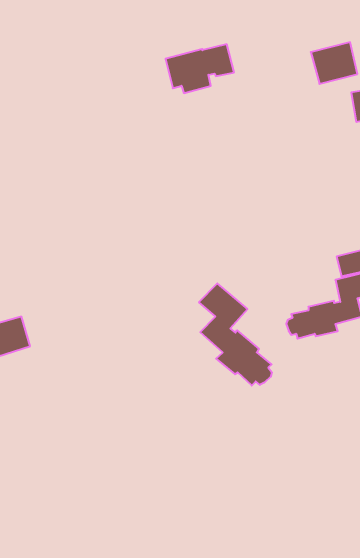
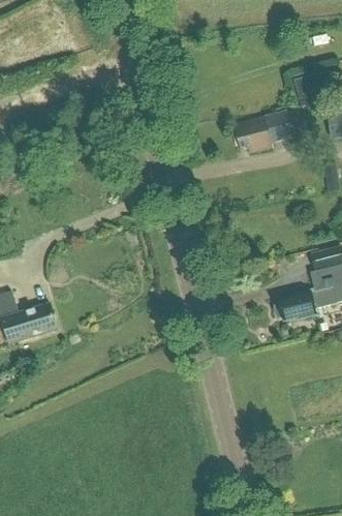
building: [165,44,234,93] -> [234,113,291,154]
building: [199,283,272,386] -> none

